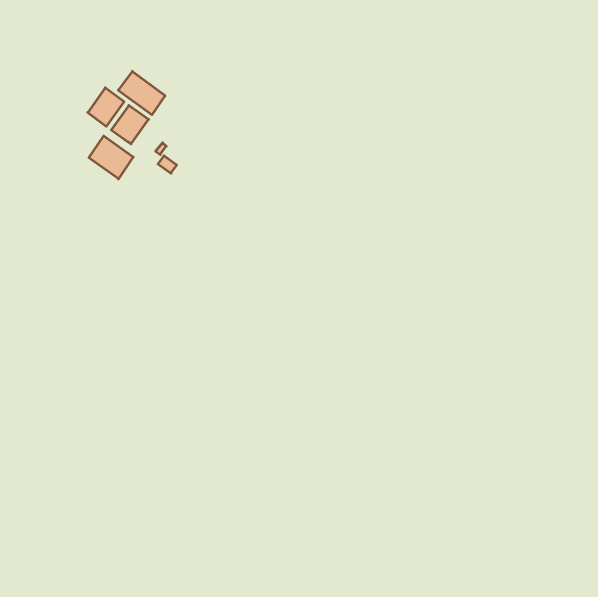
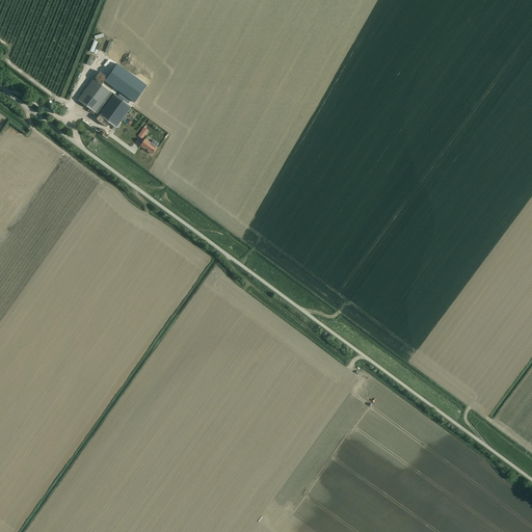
building: [89,136,133,179] -> none

